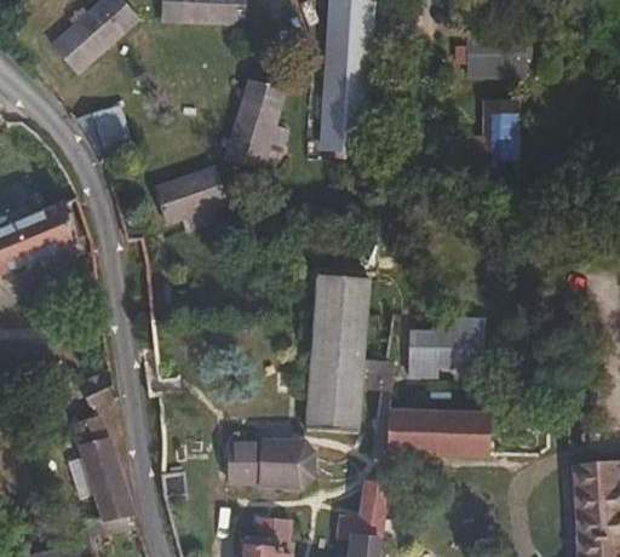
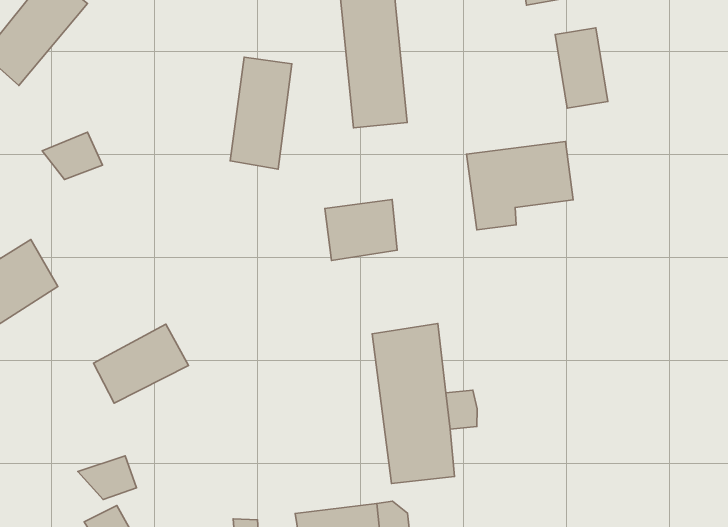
building: [154,176,225,229] -> [93,324,189,403]
building: [310,271,363,311] -> [325,199,397,261]
building: [412,316,489,375] -> [466,141,573,230]
building: [388,403,490,453] -> none

